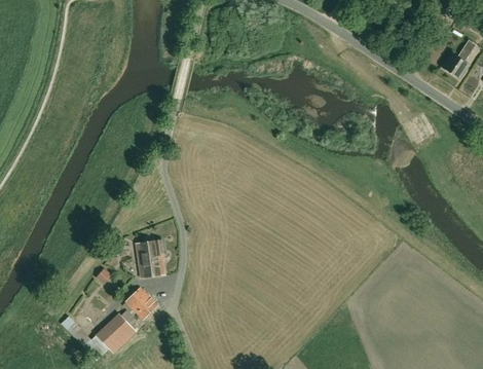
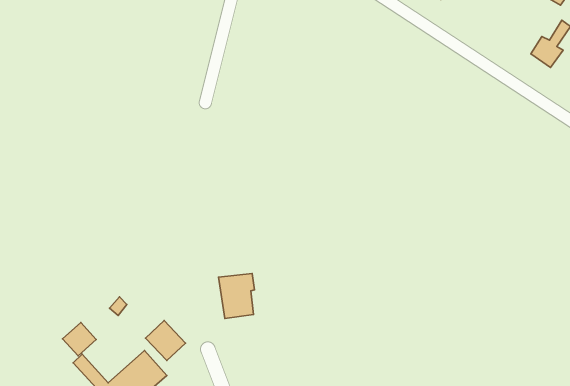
building: [135,241,164,278] -> [218,273,255,318]
building: none -> [63,322,96,356]

